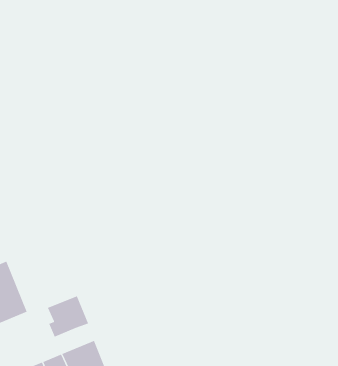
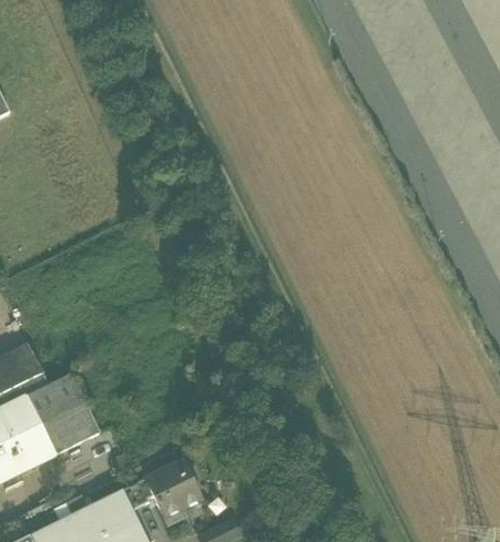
building: [47,295,89,337] -> none

